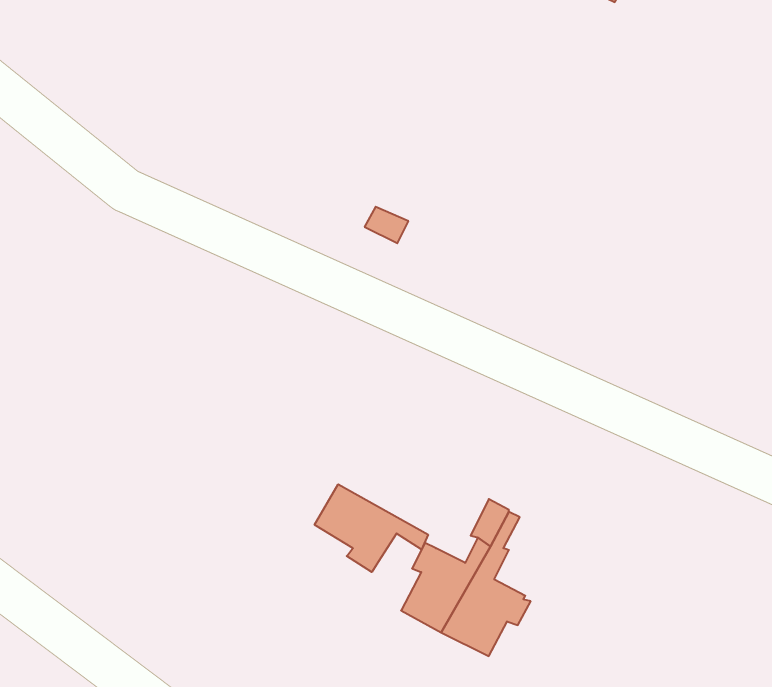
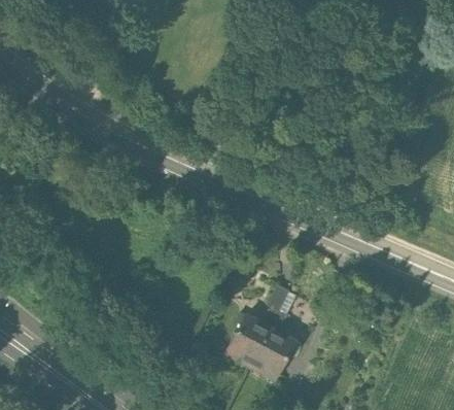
building: [315,484,428,572] -> none

